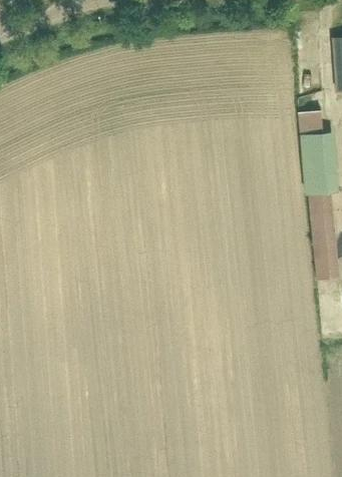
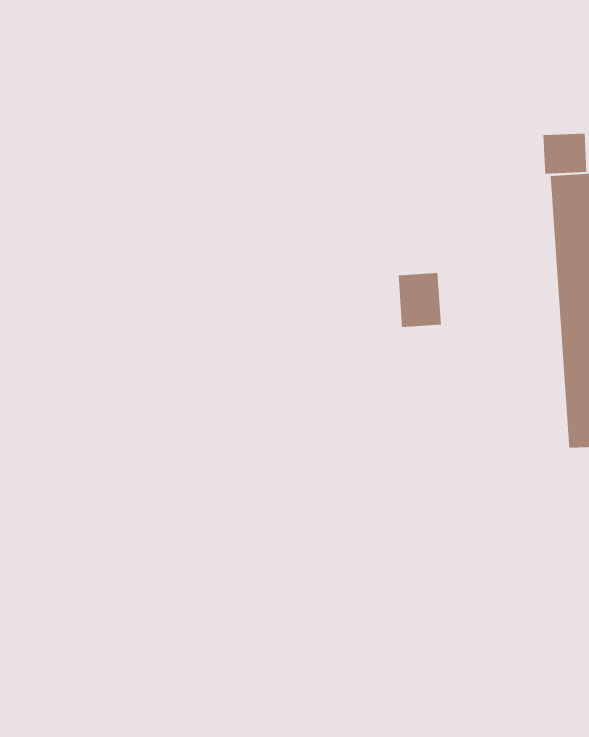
building: none -> [398,272,441,328]

